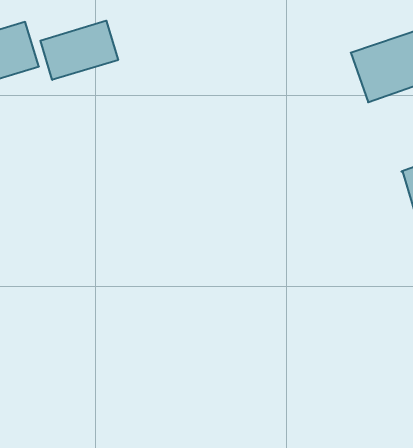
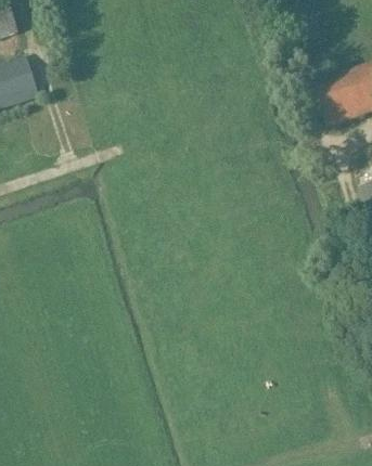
building: [40,21,118,80] -> none

